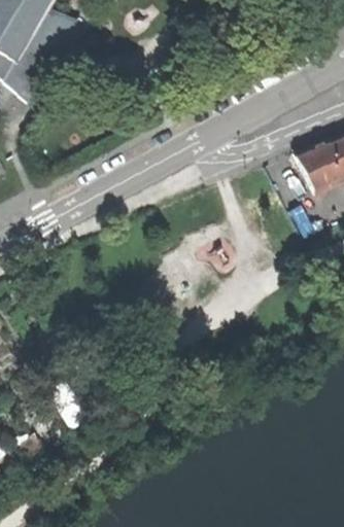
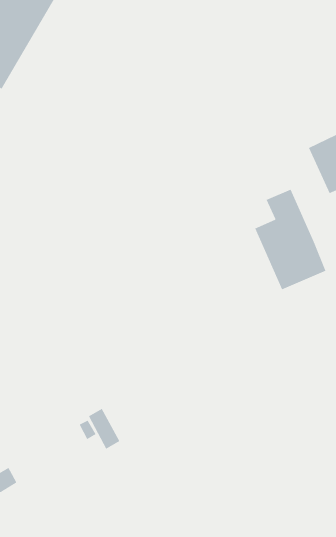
building: none -> [254,189,326,290]

